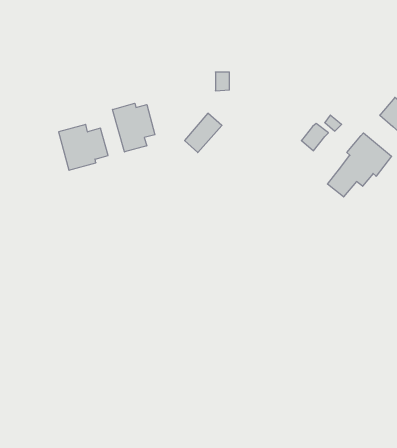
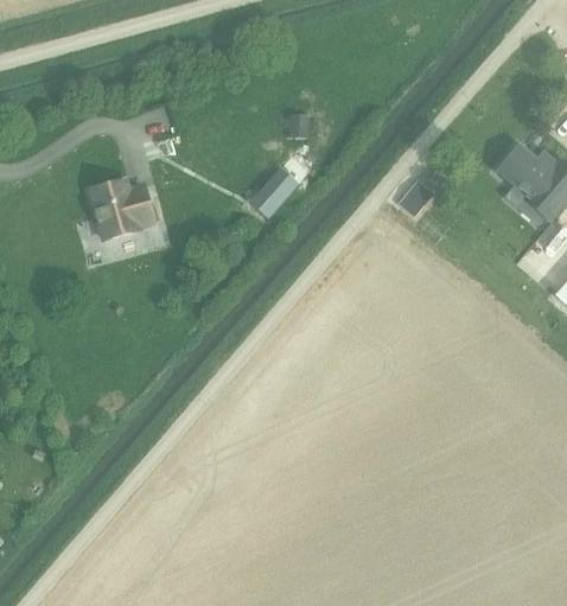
building: [113,103,155,152] -> none
building: [327,133,392,197] -> none

